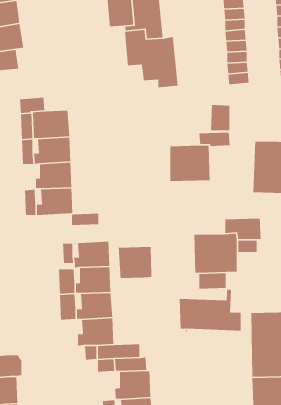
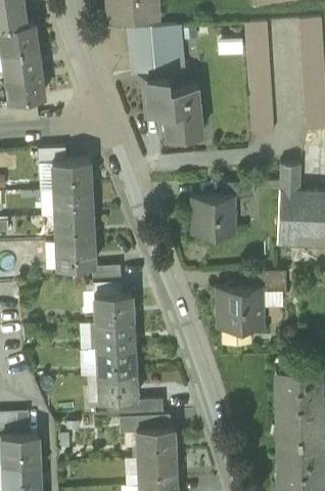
building: [210,104,230,131] -> [280,165,300,192]
building: [118,246,152,279] -> none
building: [179,289,242,333] -> none

